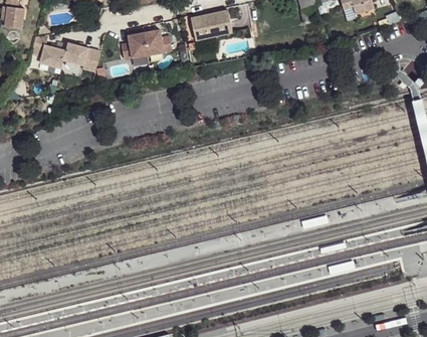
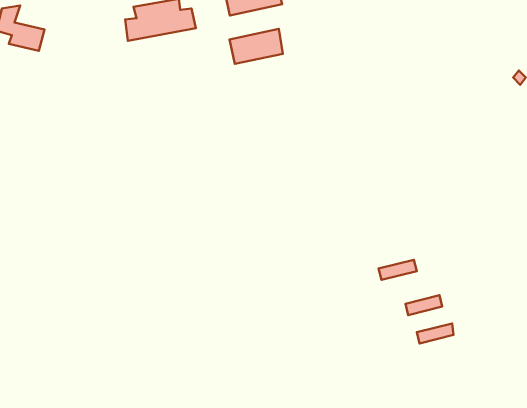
building: [62,43,98,71] -> none
building: none -> [230,29,283,64]

